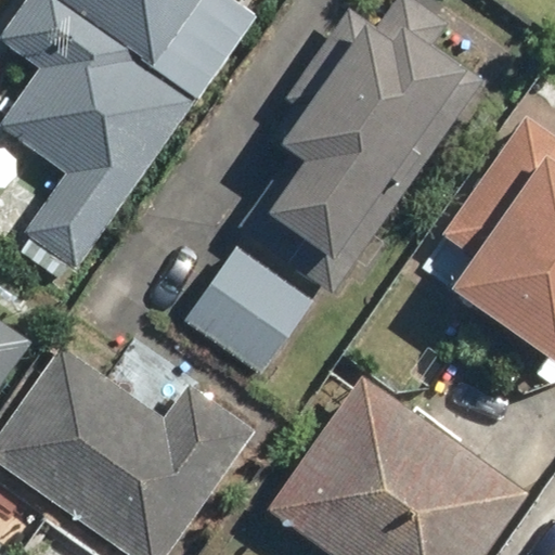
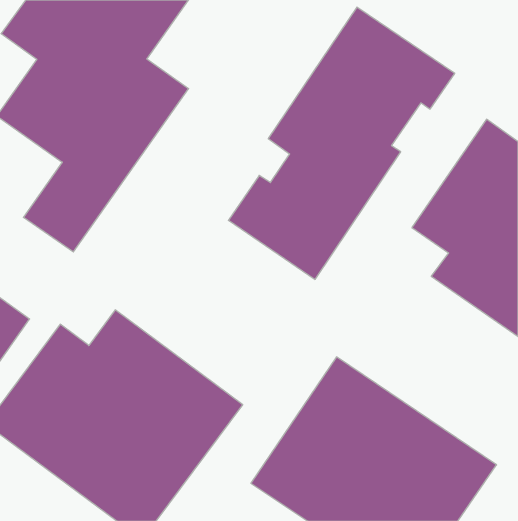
building: [180,246,318,380] -> none

